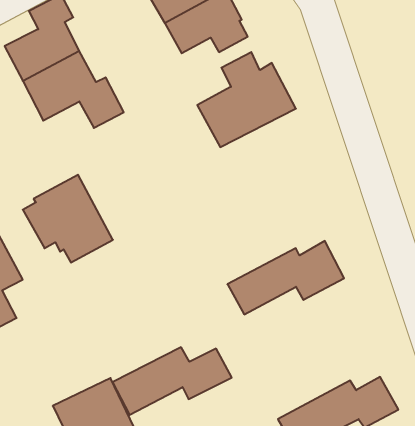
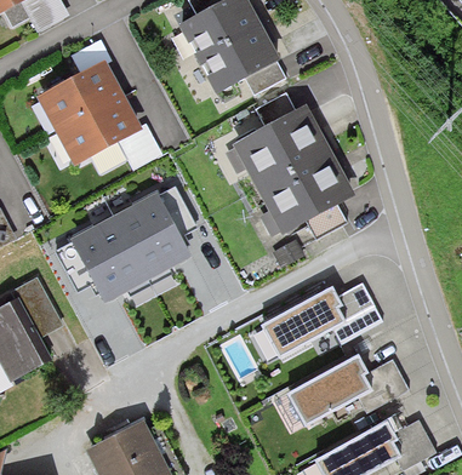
building: none -> [256,149,355,239]
building: none -> [113,188,196,281]
building: [113,347,232,415] -> [289,359,409,427]

